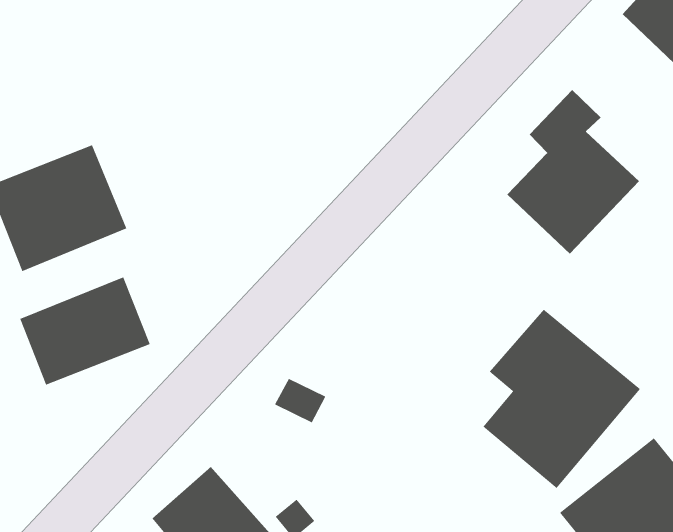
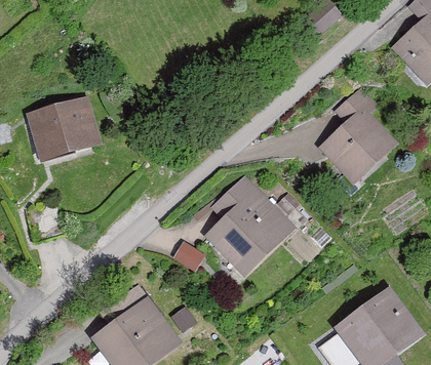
building: [19,276,151,386] -> none
building: [483,309,641,489] -> [204,175,296,278]

